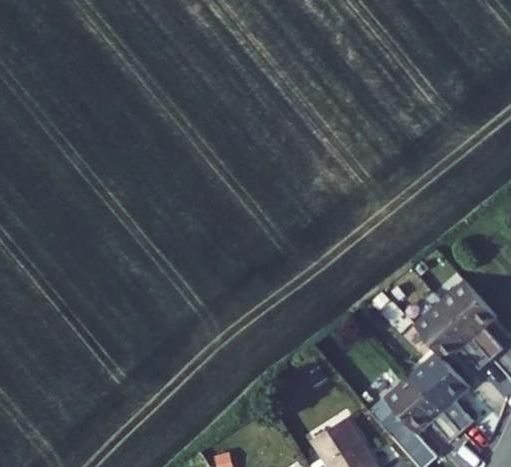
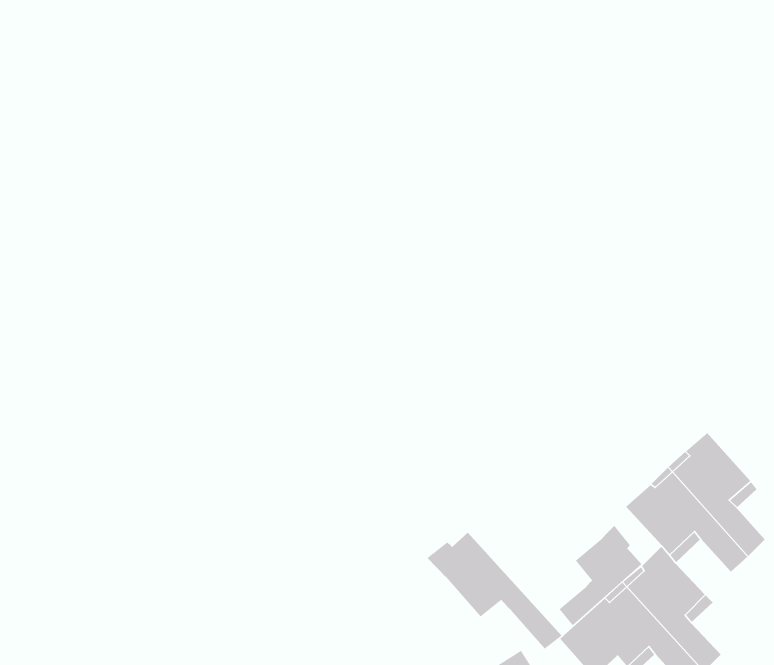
building: none -> [559,525,642,626]
building: none -> [426,532,562,650]

